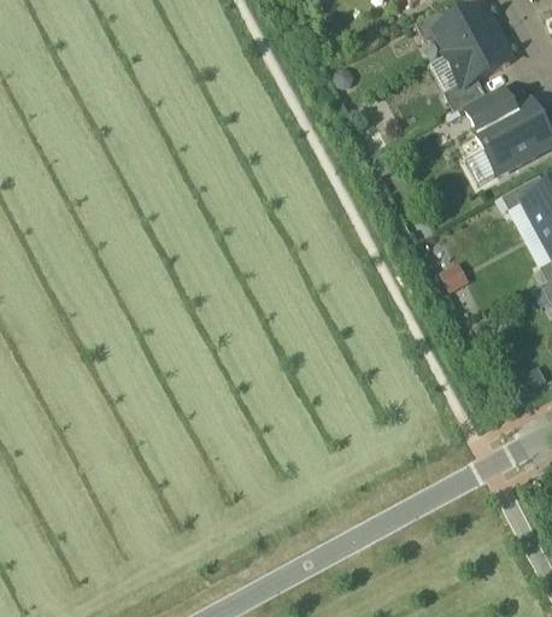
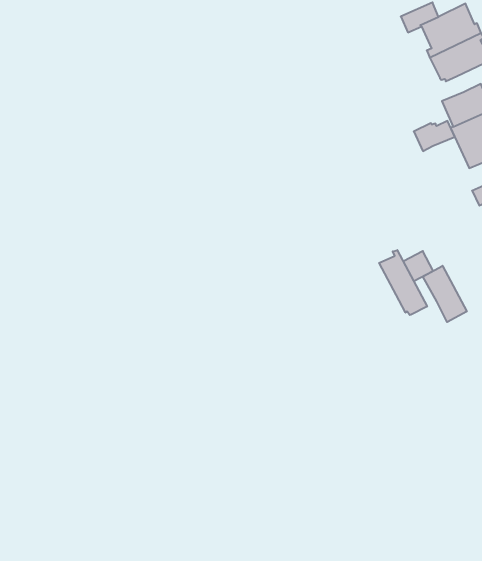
building: [444,80,486,112] -> [414,121,455,151]
building: none -> [379,250,427,315]
building: none -> [423,266,467,322]

